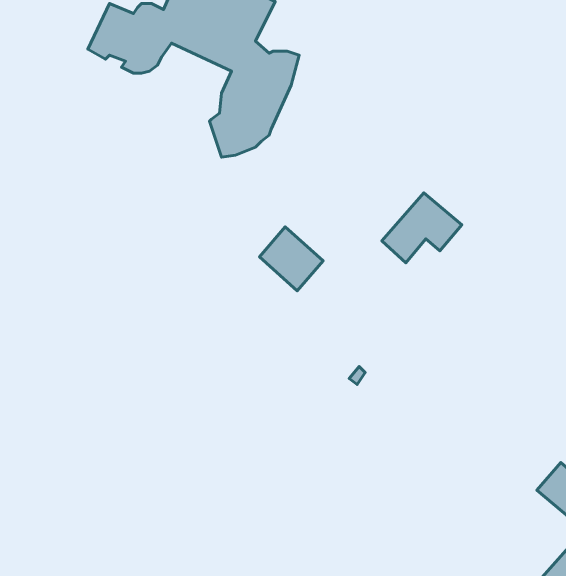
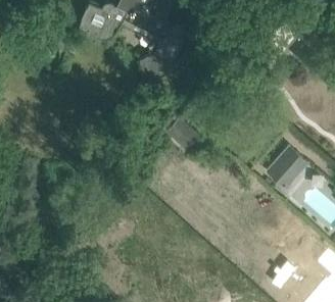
building: [382,193,462,263] -> [269,148,309,184]

